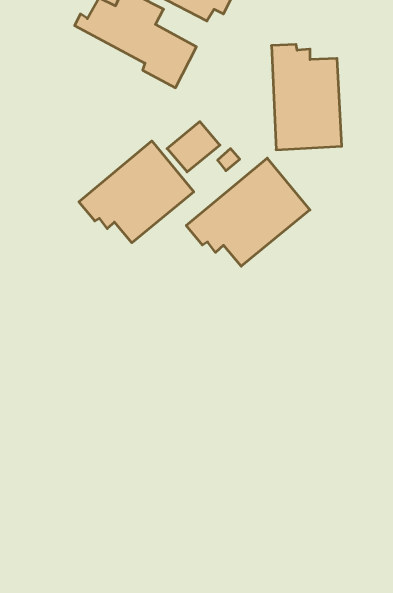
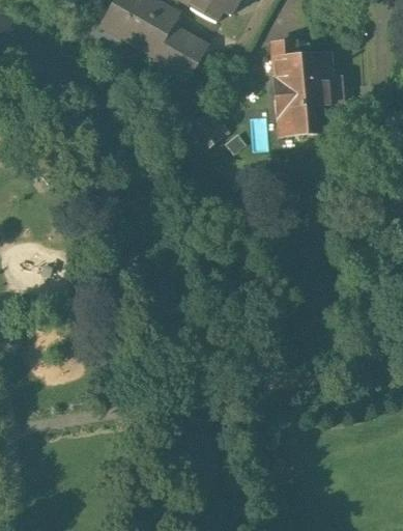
building: [79,141,194,243] -> none
building: [186,158,310,266] -> none

